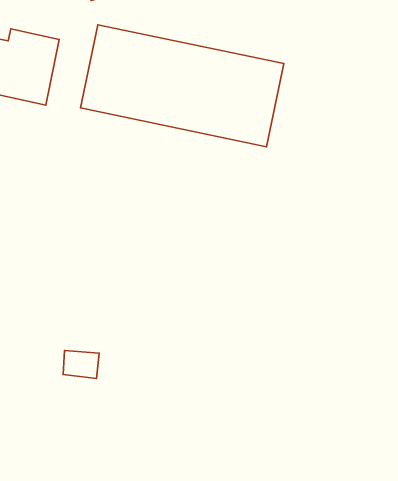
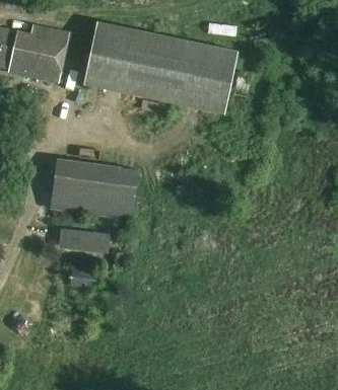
building: none -> [51,157,139,221]
building: none -> [60,229,111,253]

